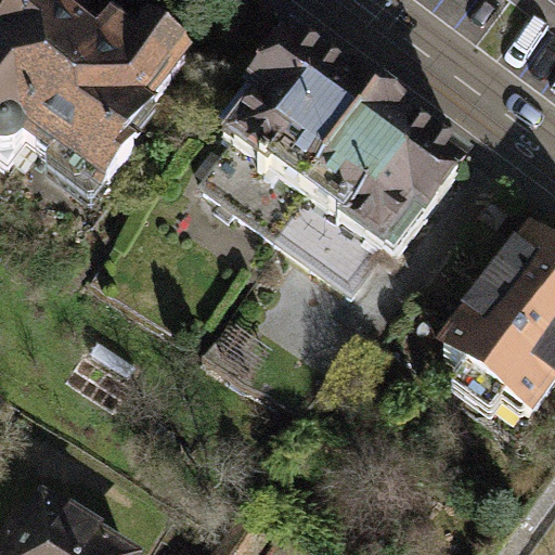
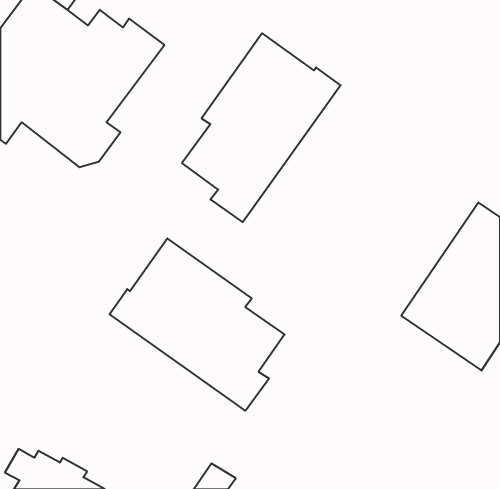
building: [278,94,460,286] -> none
building: none -> [110,238,285,411]

